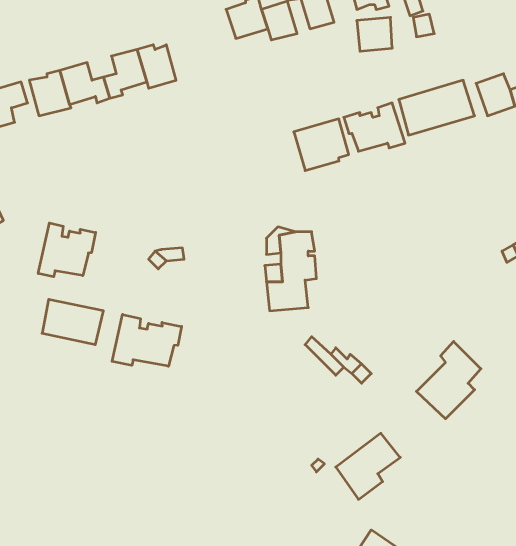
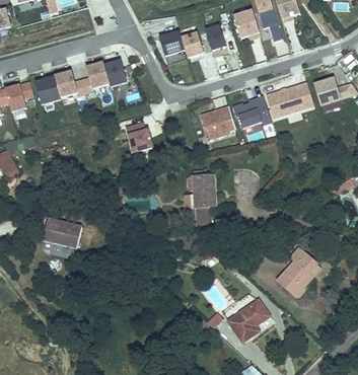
building: none -> [127,122,153,152]
building: [38,223,96,277] -> none
building: [112,314,182,366] -> none

